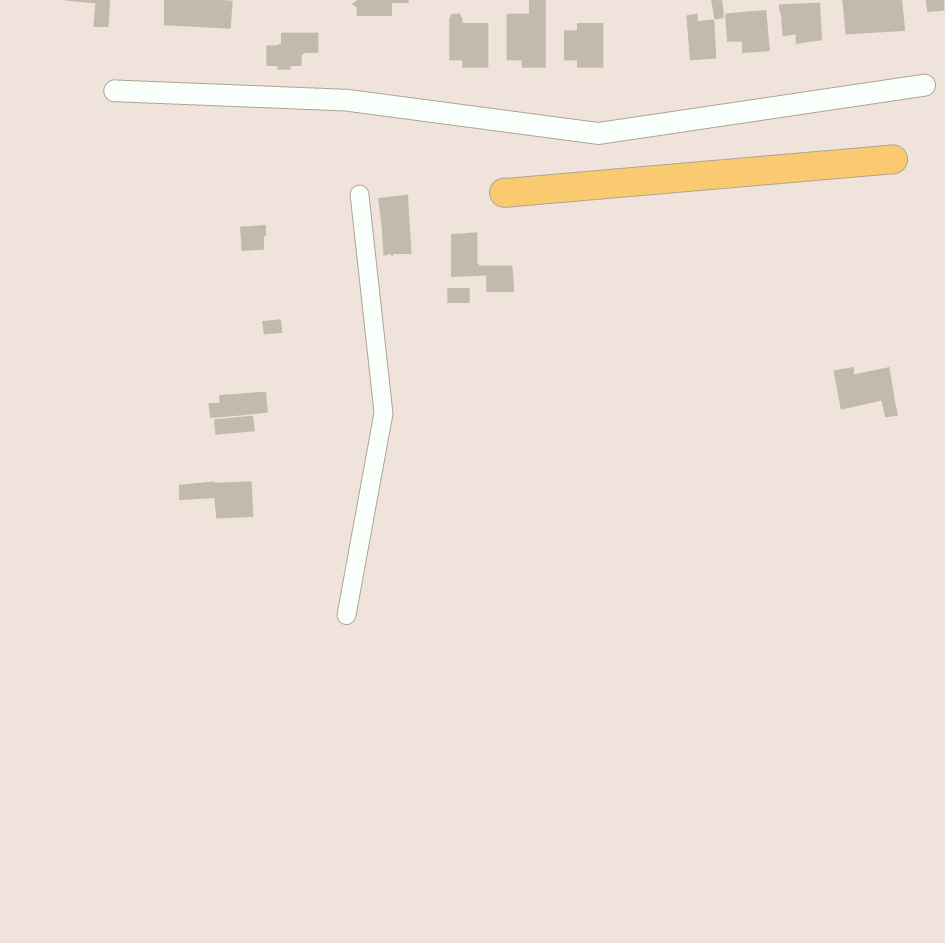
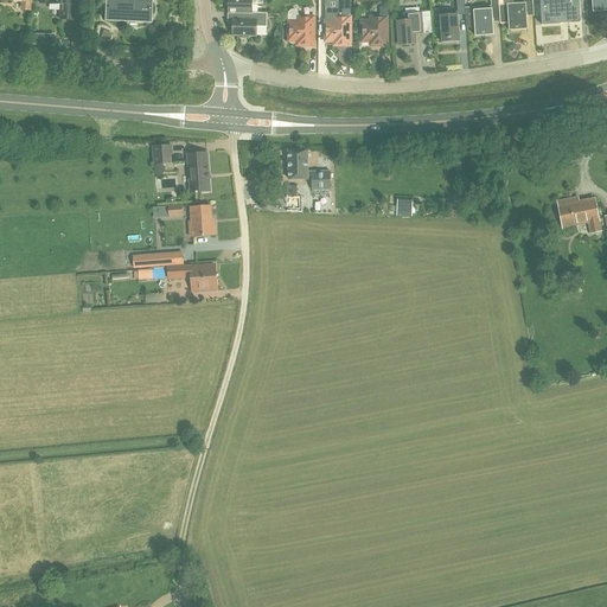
building: none -> [396,11,422,43]
building: [265,32,319,71] -> [231,11,266,36]
building: [377,194,412,257] -> [186,151,209,191]
building: none -> [190,204,215,235]
building: [833,366,899,418] -> [557,197,600,230]
building: [178,480,254,519] -> [167,263,216,288]

